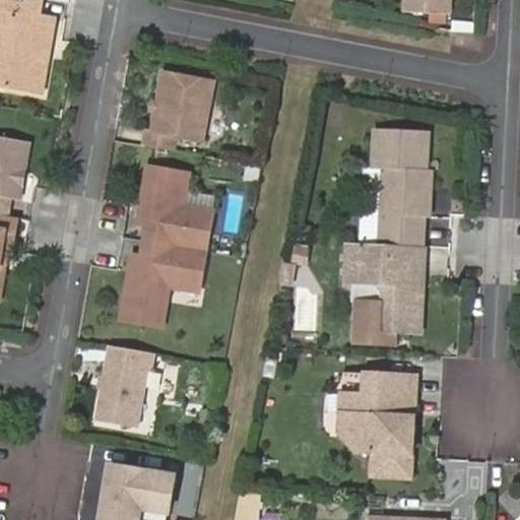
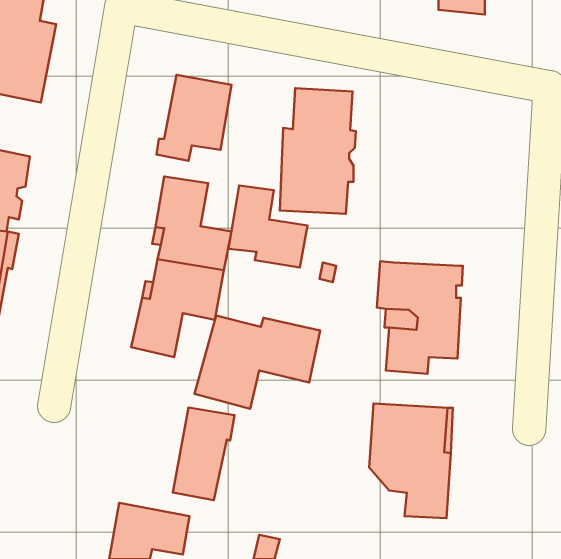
building: [363,129,433,245] -> [280,88,356,214]
building: none -> [229,185,308,267]
building: none -> [194,316,320,409]
building: [96,344,153,430] -> [173,407,235,500]

